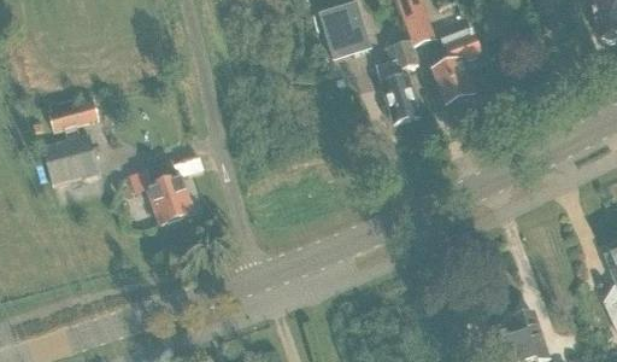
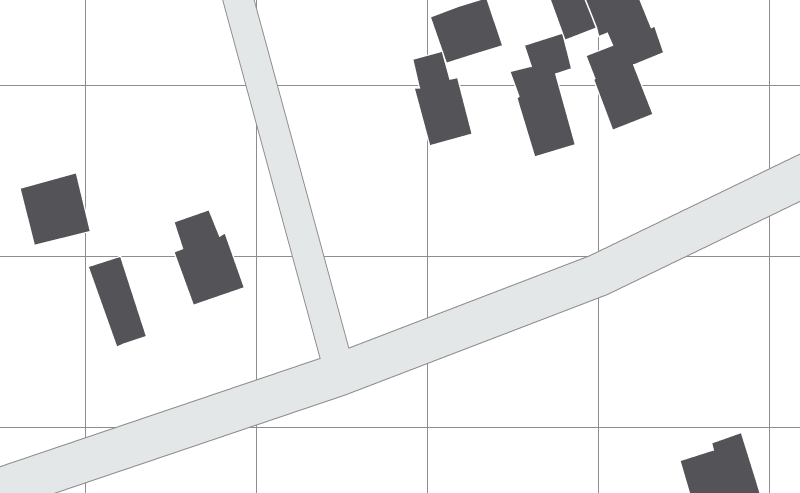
building: none -> [413,51,472,146]
building: [49,97,99,130] -> none
building: none -> [88,256,146,347]

